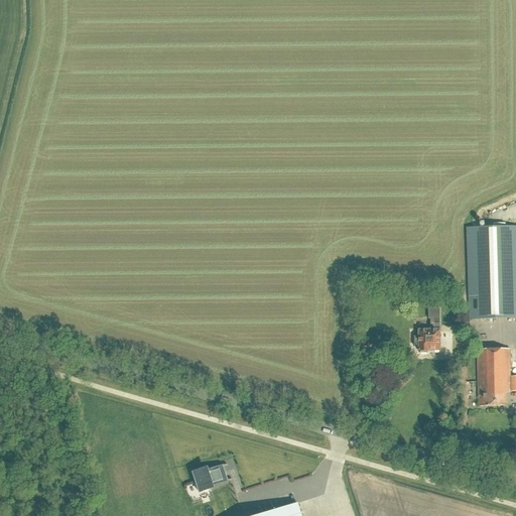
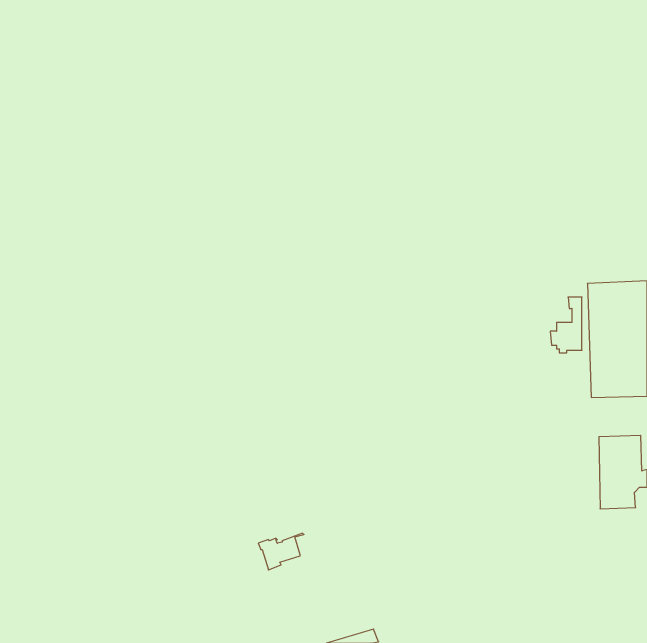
building: [413,306,438,351] -> [550,297,582,353]
building: [191,462,228,491] -> [258,533,304,570]

